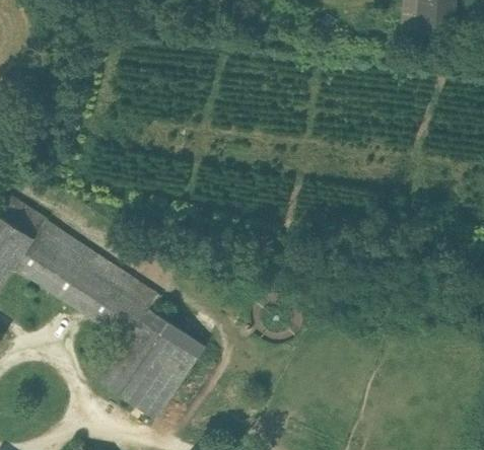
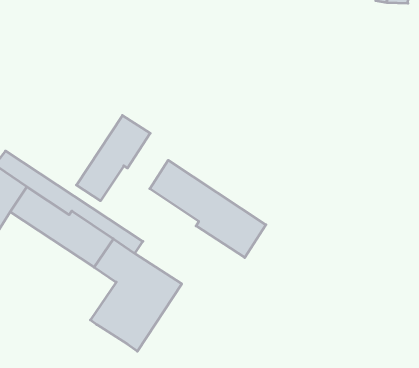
building: none -> [76,115,150,201]
building: none -> [150,160,266,258]

